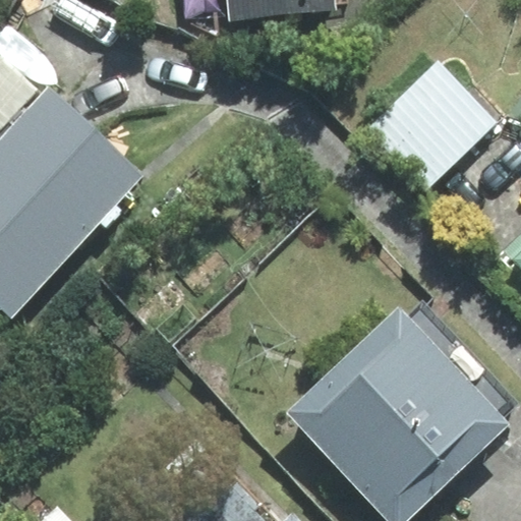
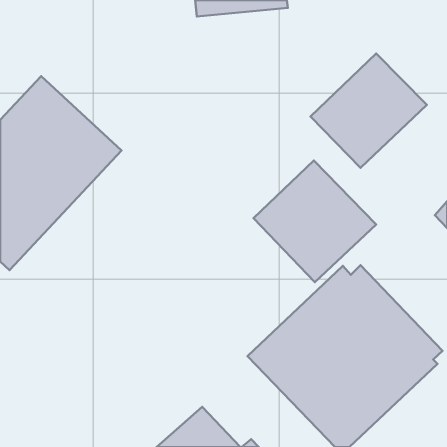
building: none -> [254,161,376,282]

